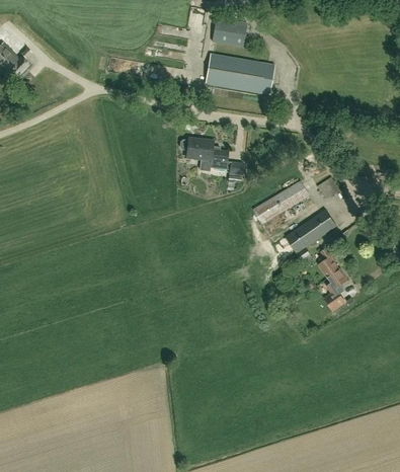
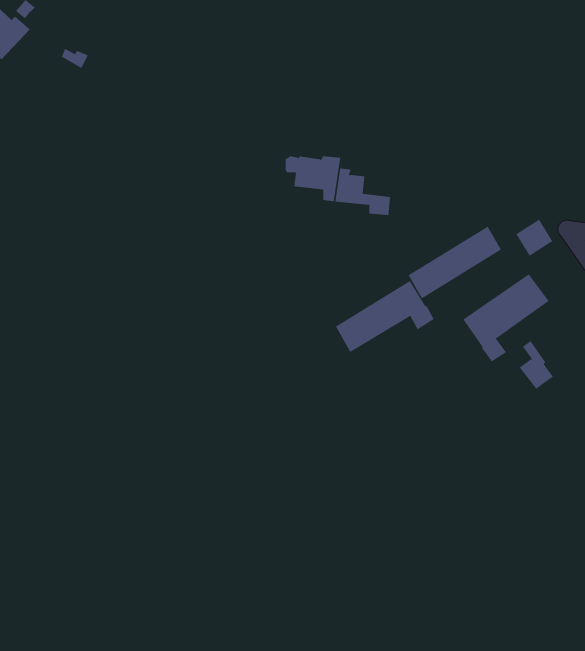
building: [206,53,274,94] -> none
building: none -> [335,280,435,353]
building: [325,269,348,311] -> none

